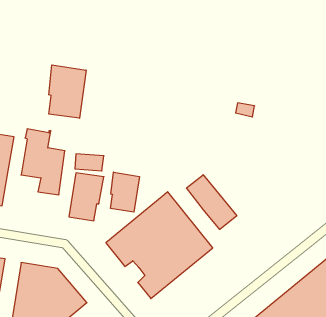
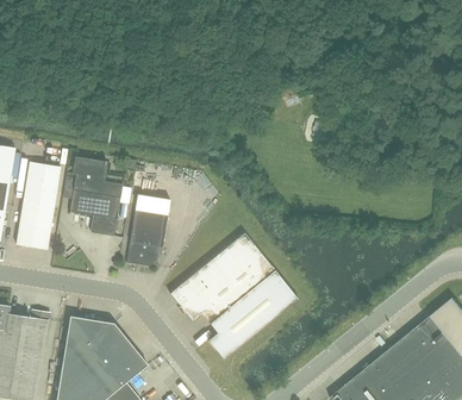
building: [49,65,86,118] -> none
building: [111,172,139,212] -> none
building: [187,175,237,229] -> none

